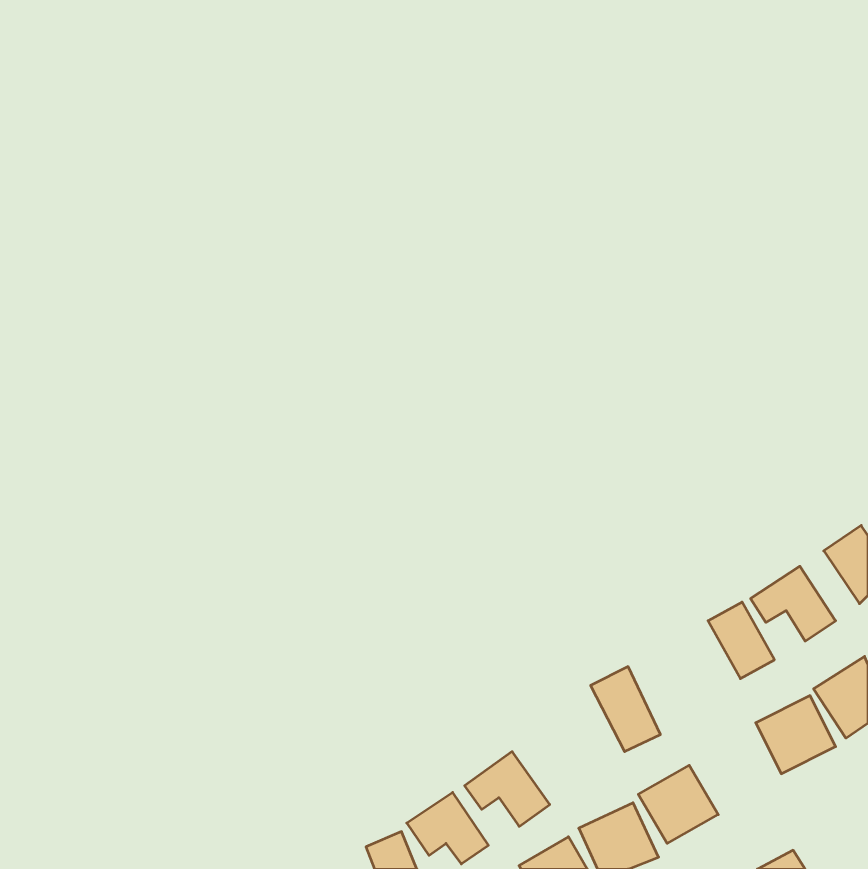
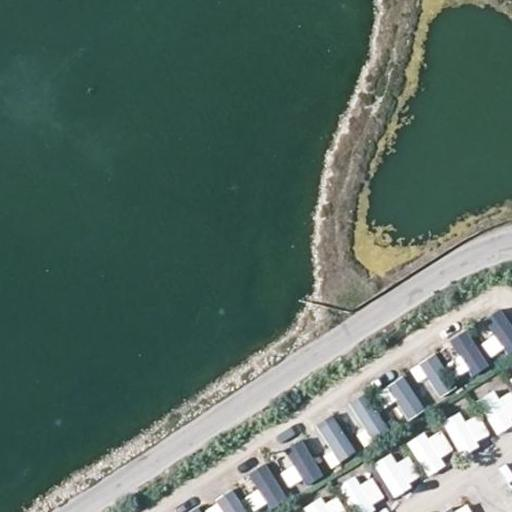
building: none -> [375,376,425,420]
building: none -> [315,415,355,465]
building: none -> [408,427,456,476]

